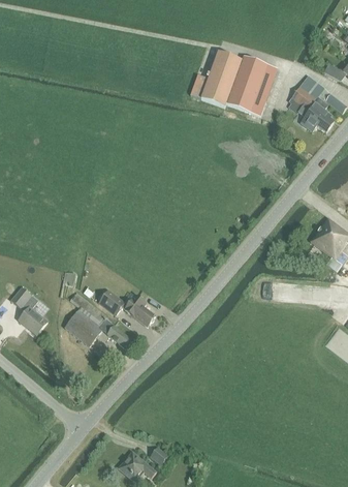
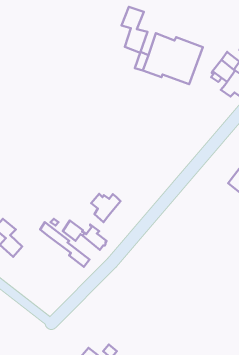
building: none -> [121,7,147,53]
building: none -> [91,194,121,222]
building: [64,311,101,346] -> none

